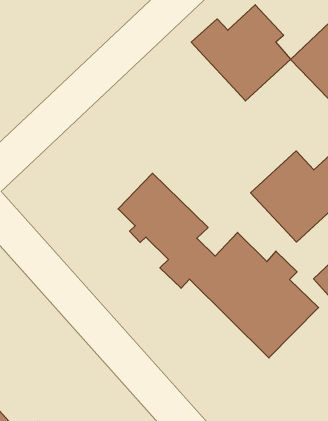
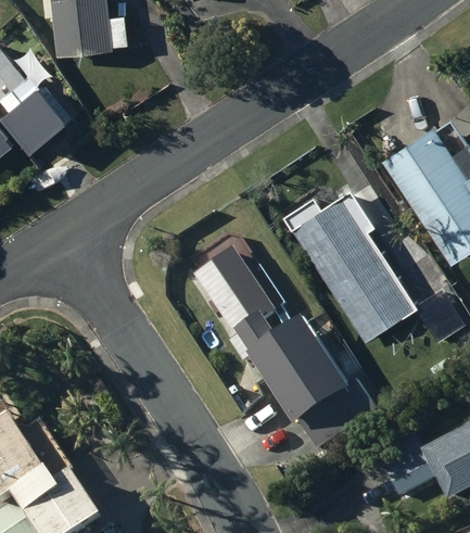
building: [191,5,291,101] -> [282,191,378,284]

